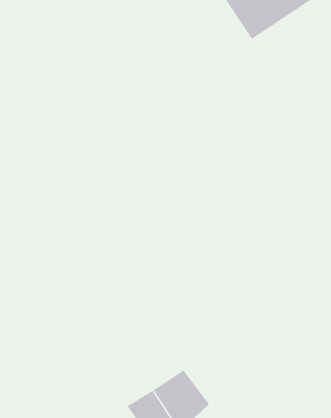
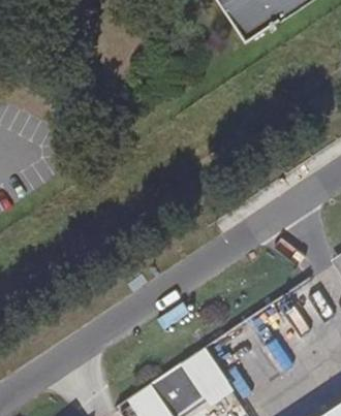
building: none -> [182,343,236,404]

